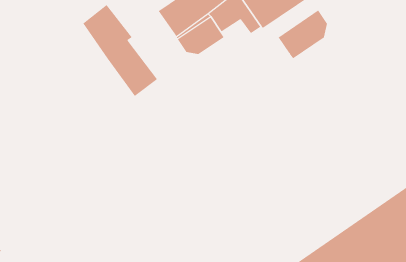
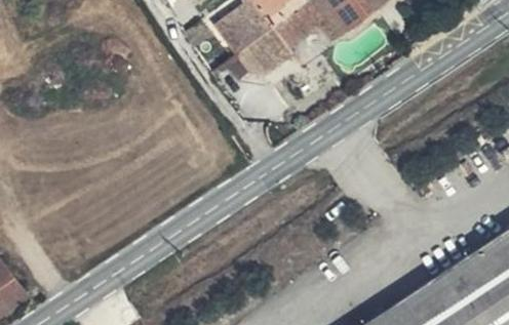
building: [83,4,158,97] -> none
building: [278,10,328,59] -> none

